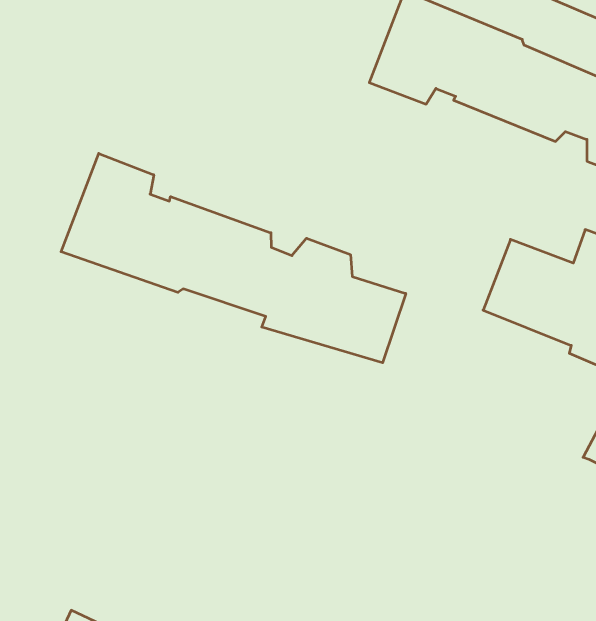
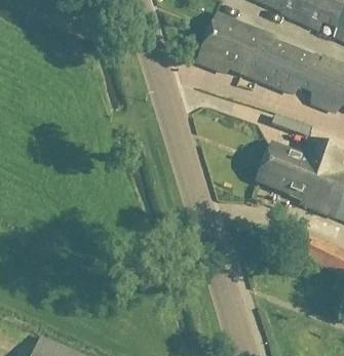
building: [61,153,406,363] -> none

